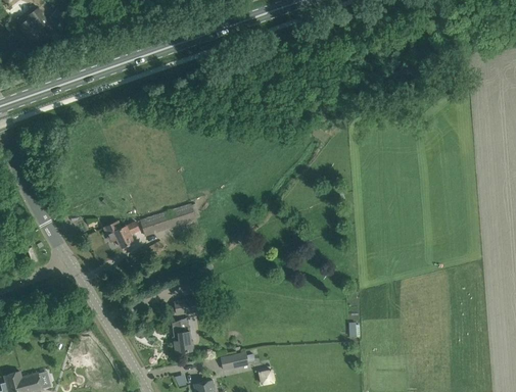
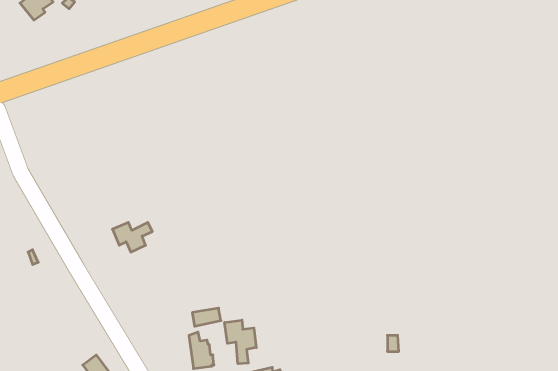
building: [139,203,199,234] -> none
building: none -> [225,320,256,364]

